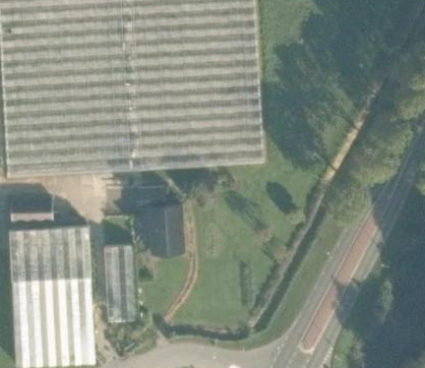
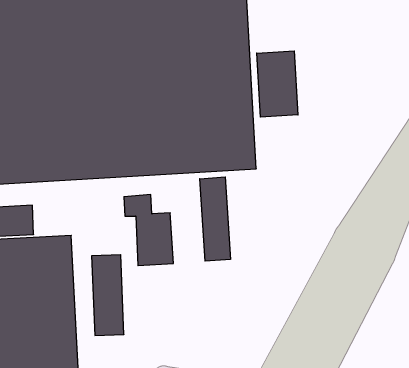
building: none -> [257,51,298,117]
building: none -> [200,177,230,261]

